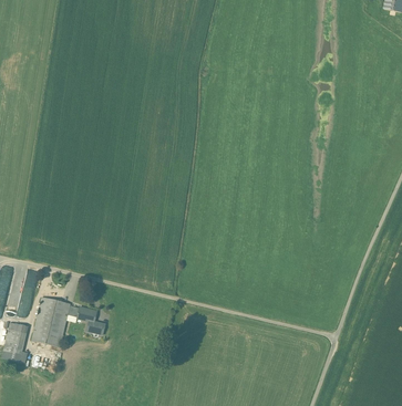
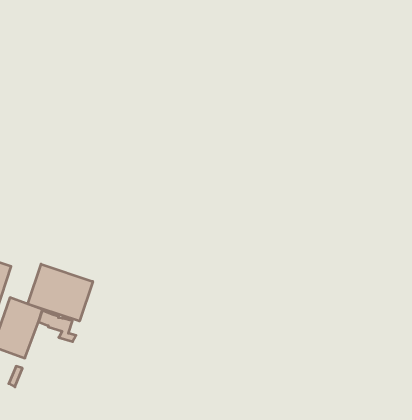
building: none -> [28,264,93,321]

